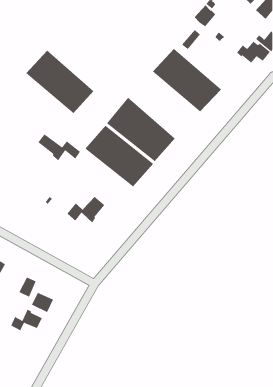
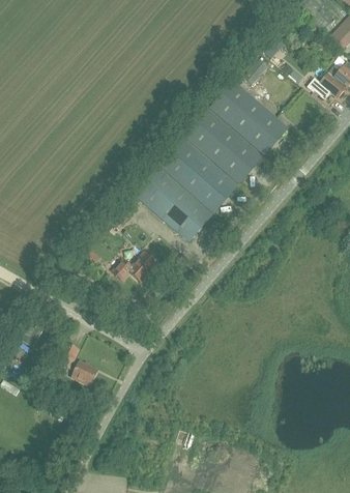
building: [26,50,94,114] -> [184,109,263,182]
building: [37,134,81,161] -> none
building: [10,308,43,331] -> none

